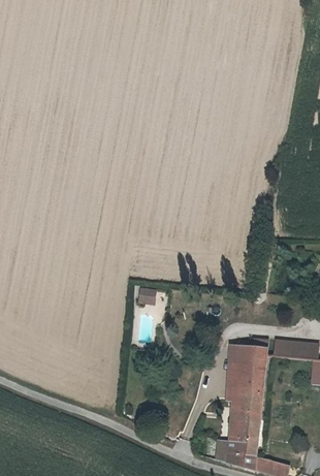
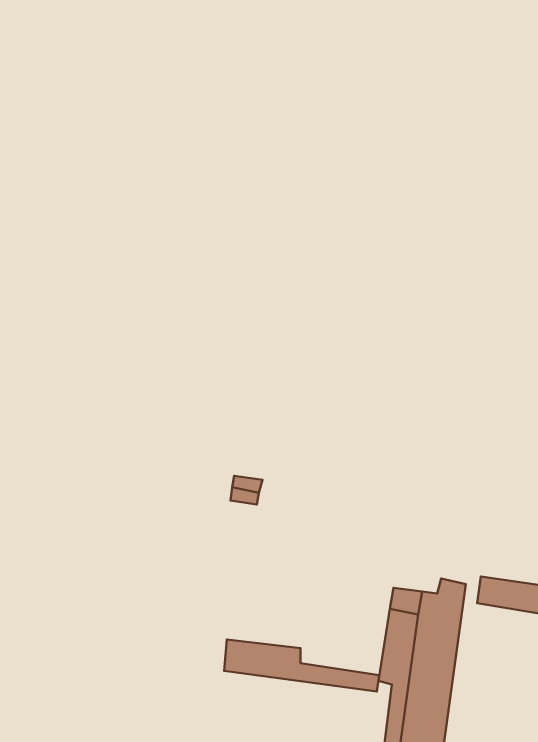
building: none -> [224,640,379,692]

